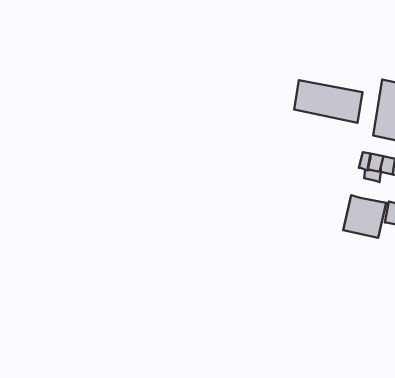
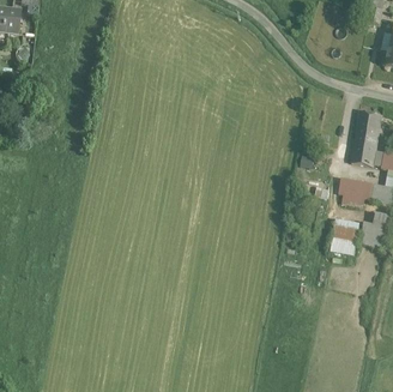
building: [294,80,362,123] -> none

